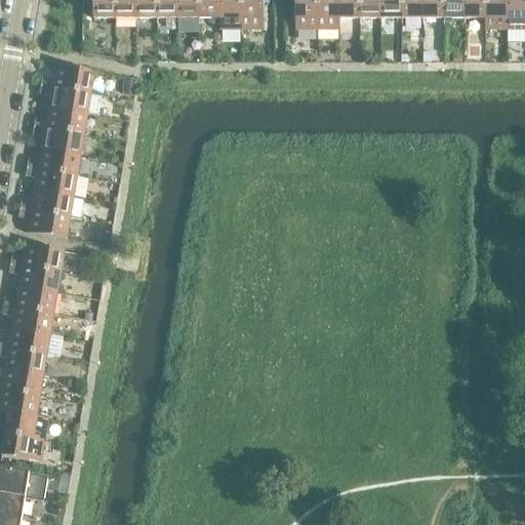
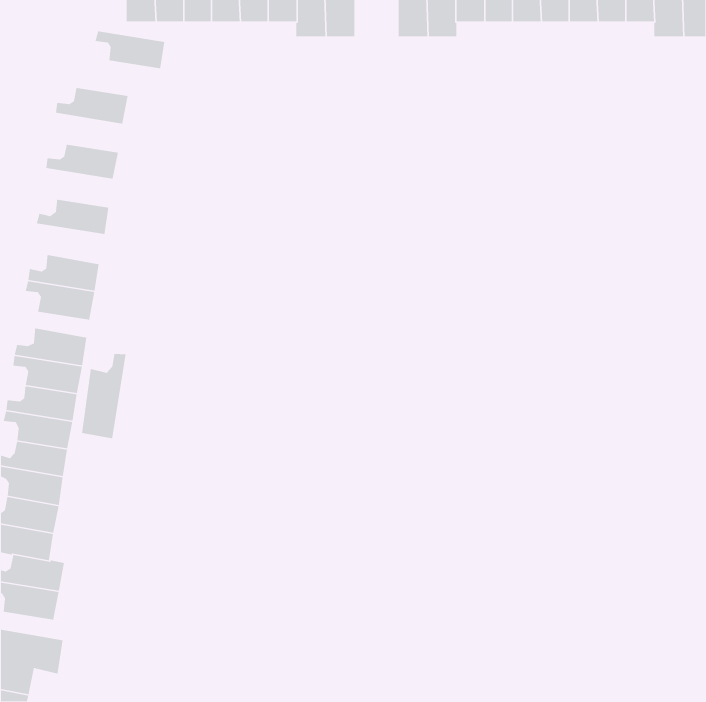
building: [39,84,91,113] -> [95,31,165,69]
building: [33,125,84,154] -> none
building: [26,166,78,196] -> none
building: none -> [81,353,126,439]

